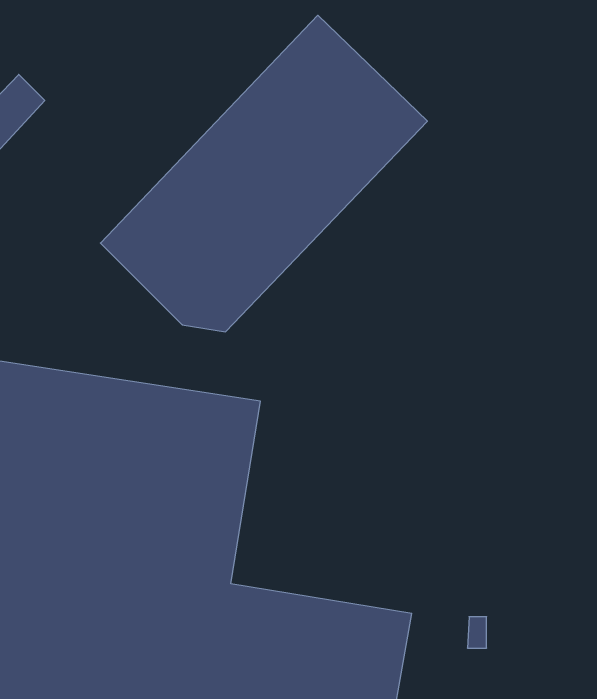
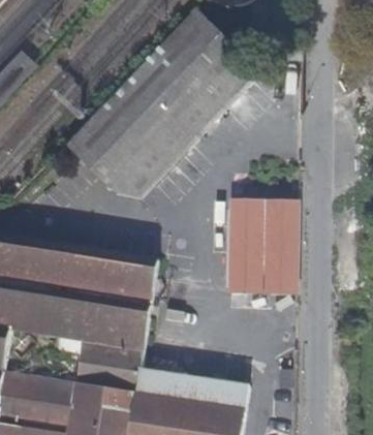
building: none -> [228,205,297,300]

